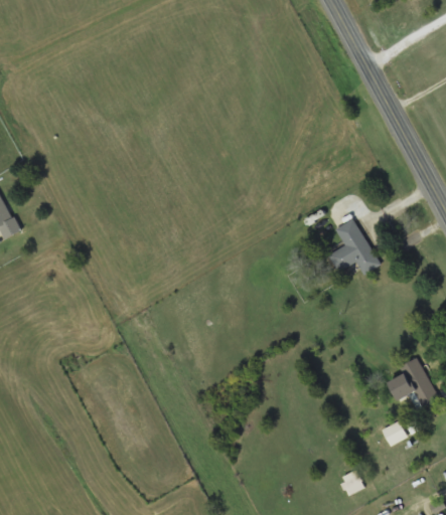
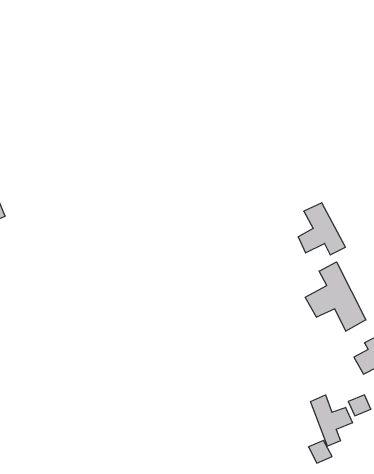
building: none -> [305,262,366,331]
building: none -> [310,395,352,446]

